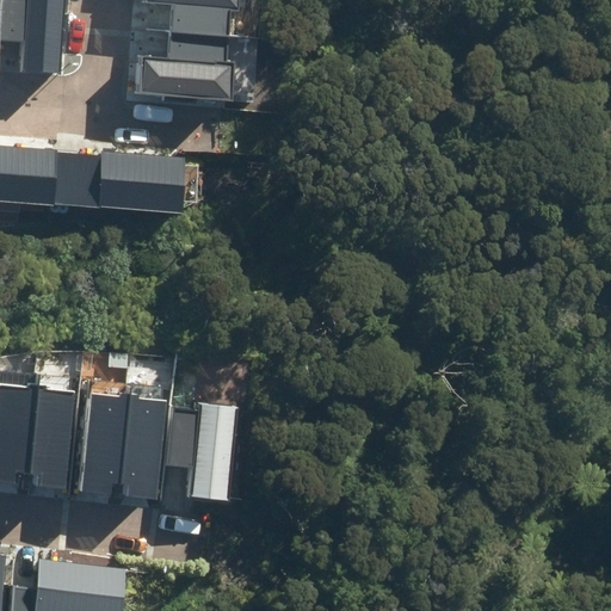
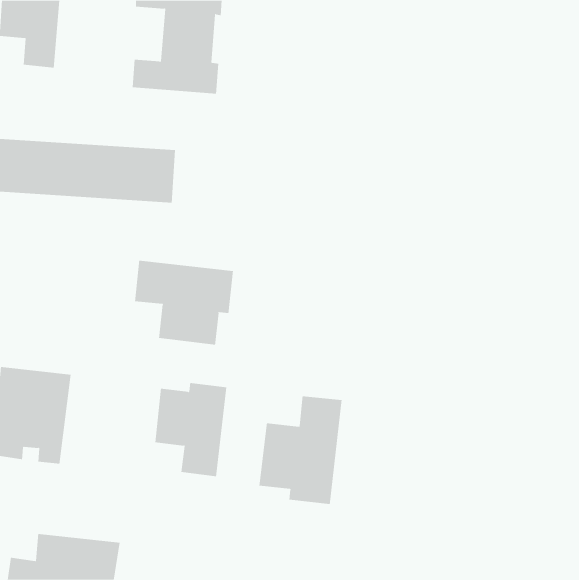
building: none -> [135,260,233,346]
building: [79,396,165,499] -> none
building: none -> [259,395,342,505]

